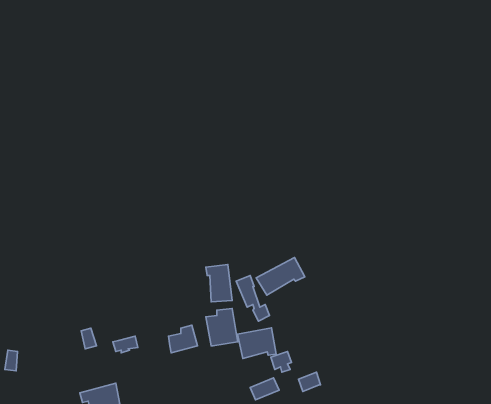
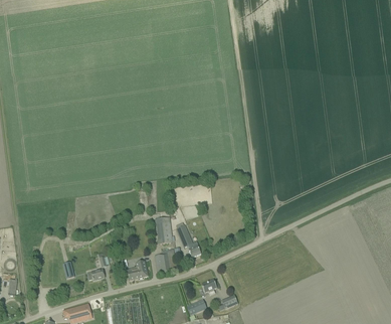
building: [256,257,305,295] -> none
building: [238,328,276,358] -> none

